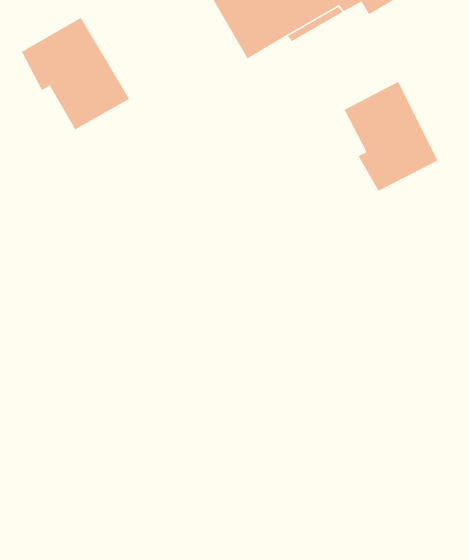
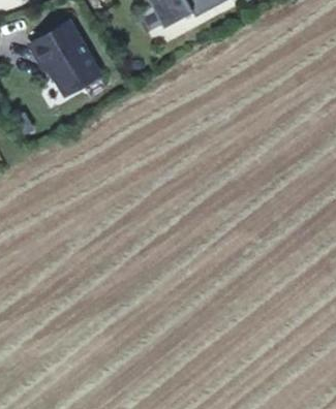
building: [343,81,439,192] -> none

